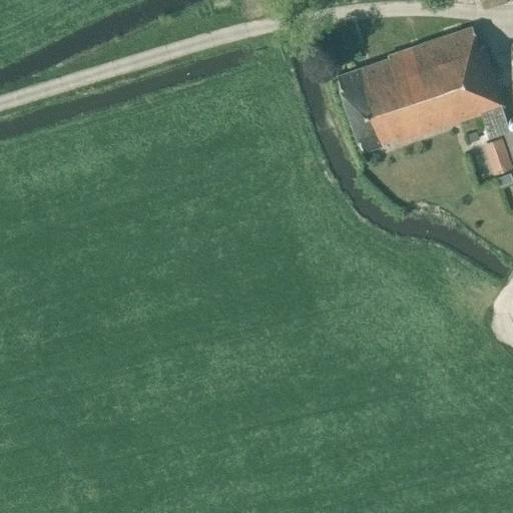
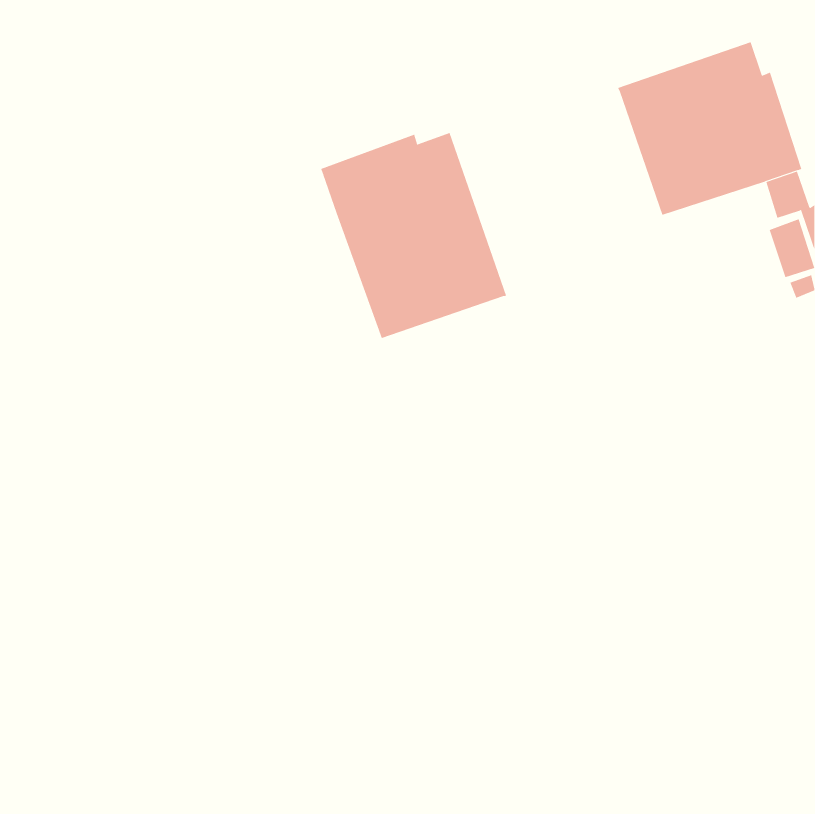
building: [338,58,416,152] -> none
building: none -> [321,132,507,339]

